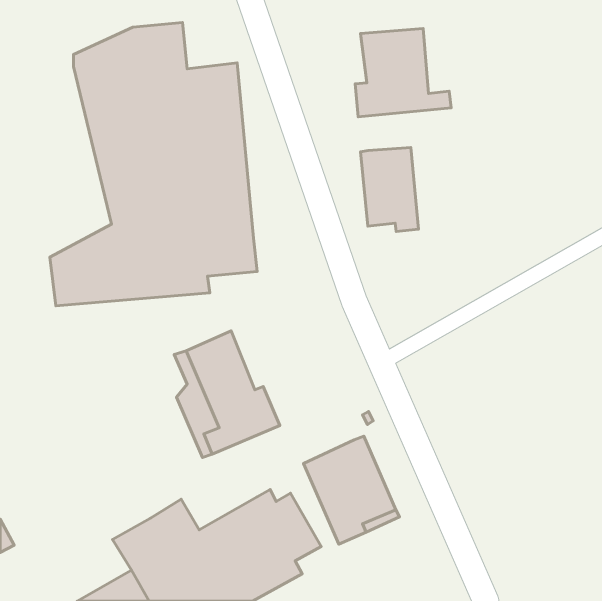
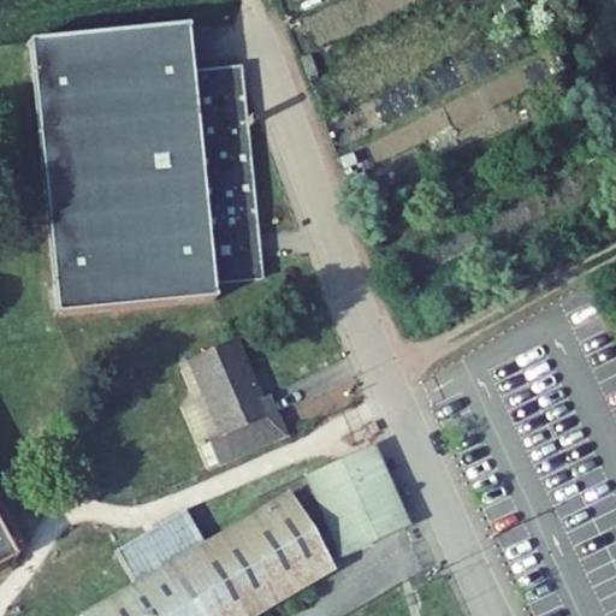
building: none -> [34,28,138,261]
building: [355,29,451,117] -> none
building: [360,148,419,232] -> none

